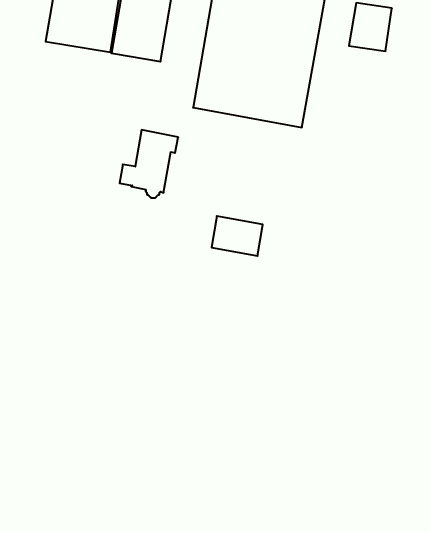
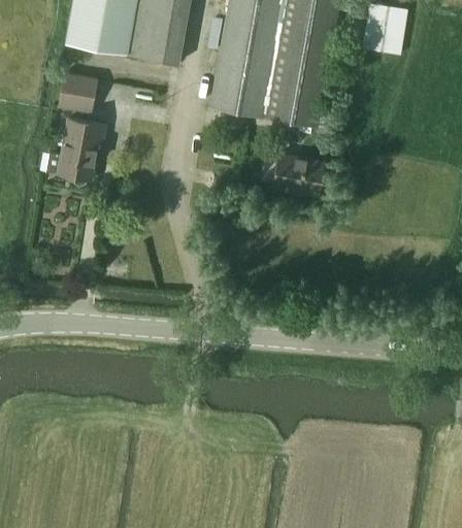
building: none -> [59,72,97,111]
building: [120,130,178,198] -> [47,117,105,184]
building: [212,216,263,256] -> [273,154,324,193]

